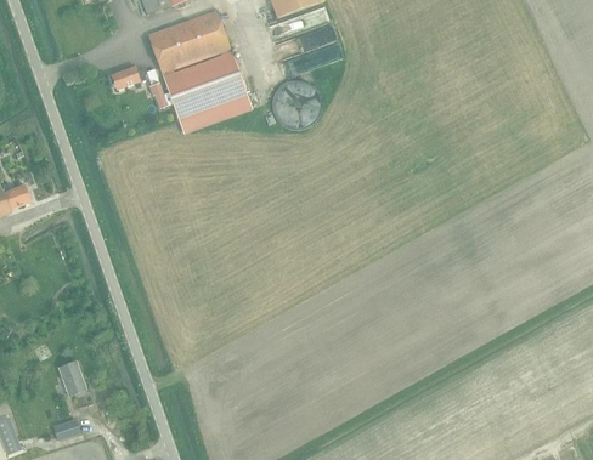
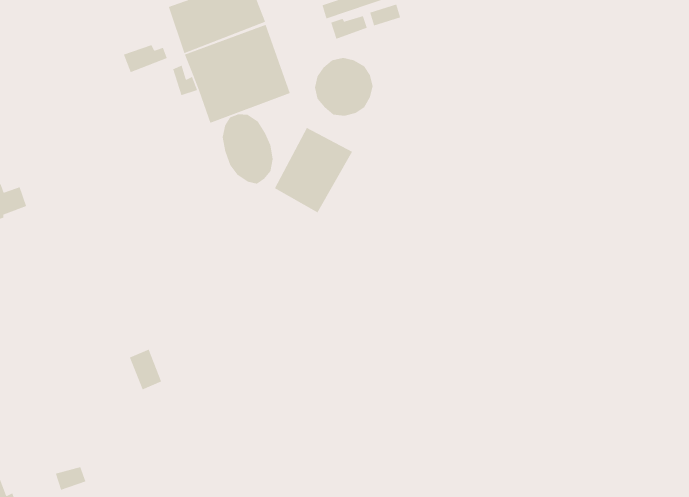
building: none -> [222,113,274,185]
building: none -> [274,127,353,214]
building: [57,362,85,397] -> [129,348,162,390]

